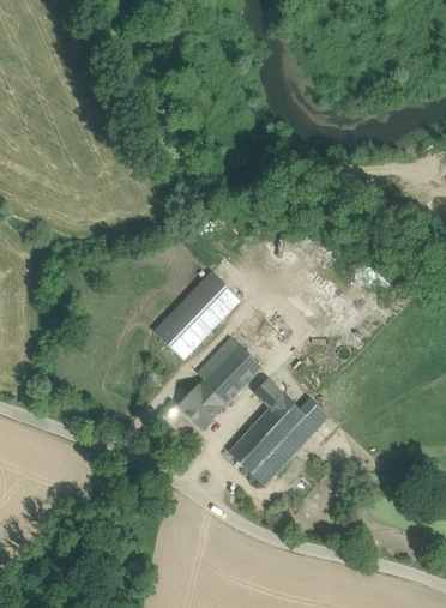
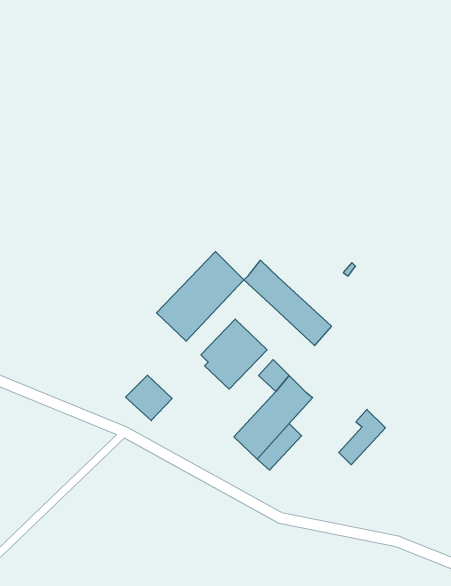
building: none -> [244,260,331,346]
building: [179,383,224,427] -> [126,375,172,421]
building: [283,397,329,451] -> [339,409,385,465]

